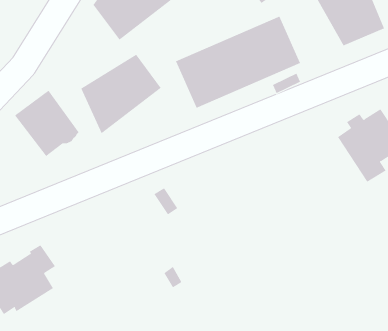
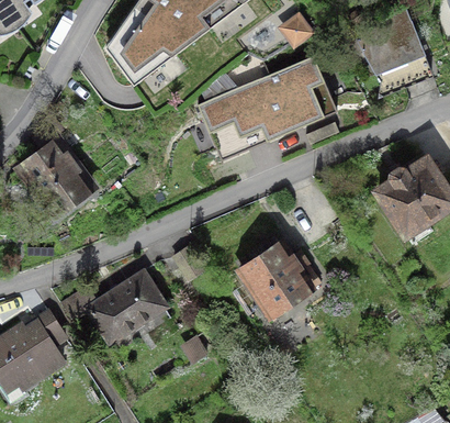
building: [81,54,162,134] -> none
building: none -> [239,243,311,316]
building: none -> [60,270,167,344]

